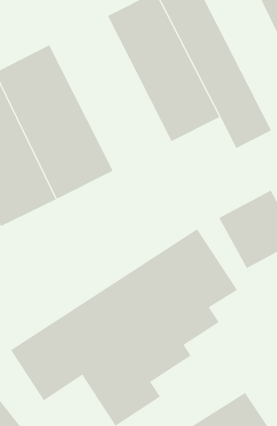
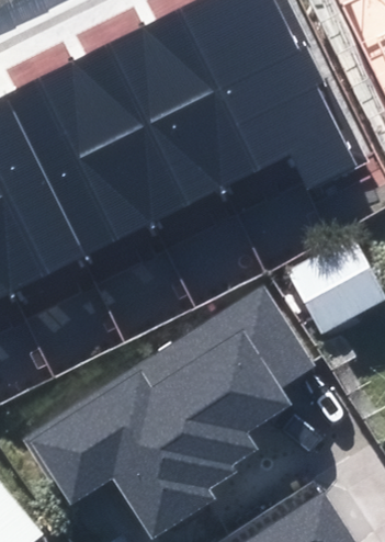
building: none -> [77,23,229,217]

